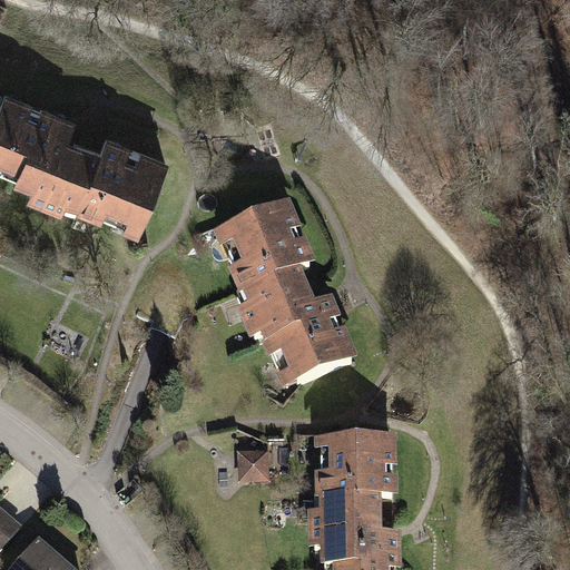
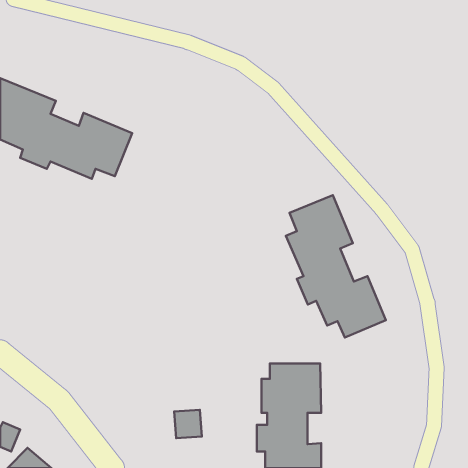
building: [224,208,345,381] -> [286,195,386,338]
building: [242,449,275,483] -> [174,410,202,438]

